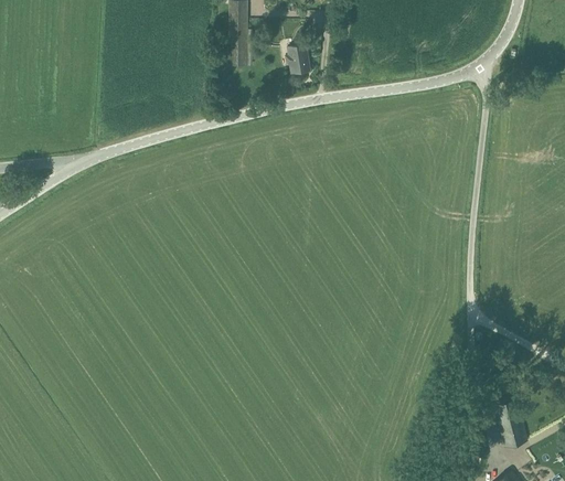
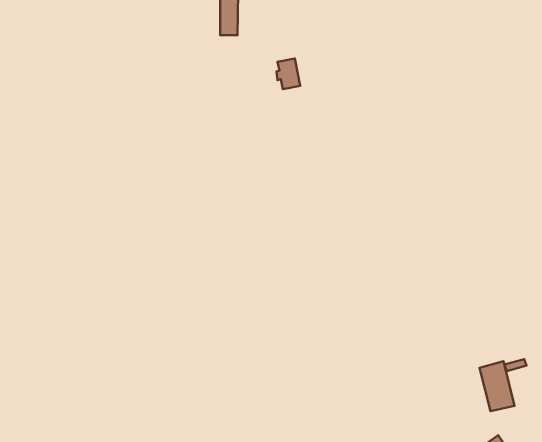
building: [286,43,310,74] -> [276,59,300,89]

